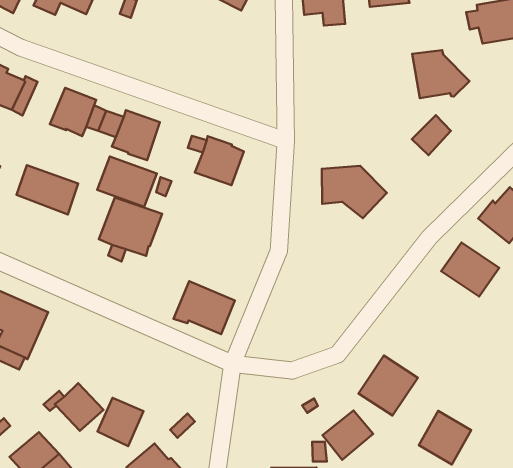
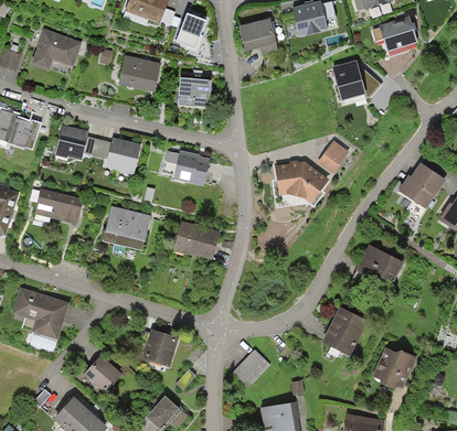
building: none -> [119,55,161,91]
building: none -> [178,76,212,107]
building: [412,115,451,155] -> [317,141,347,173]
building: [97,157,157,207] -> none
building: [441,243,499,297] -> [354,244,400,284]
building: [174,281,235,334] -> [173,222,220,260]
building: [98,398,143,446] -> [144,331,178,367]
building: [322,410,373,460] -> [231,347,270,387]

